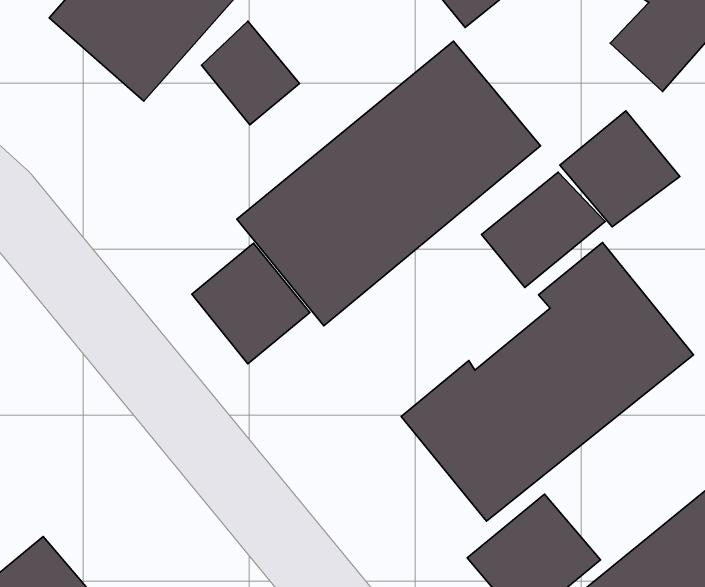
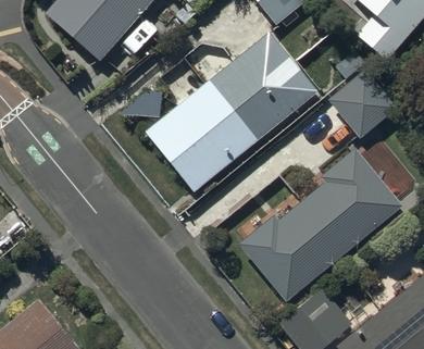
building: [201,21,300,125] -> none
building: [481,172,605,287] -> none
building: [192,243,310,364] -> none

